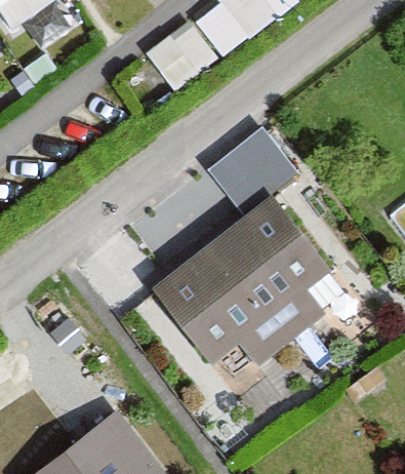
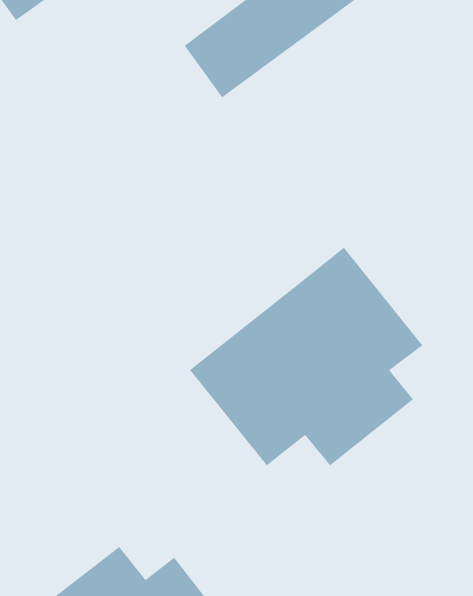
building: [208,128,297,215] -> none

